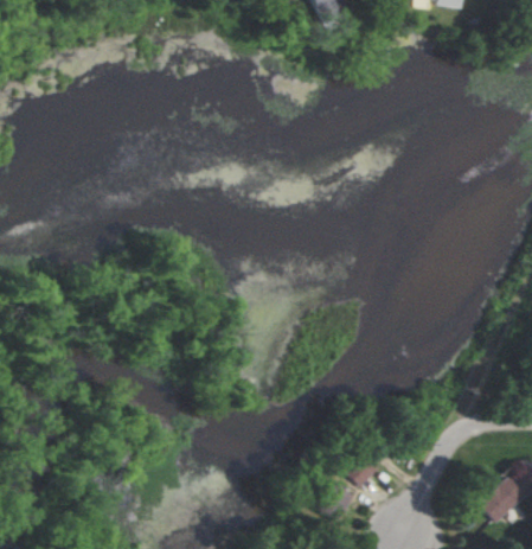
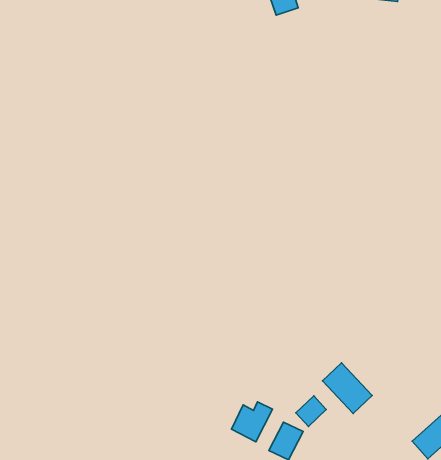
building: none -> [323,363,372,414]
building: none -> [231,402,273,442]

